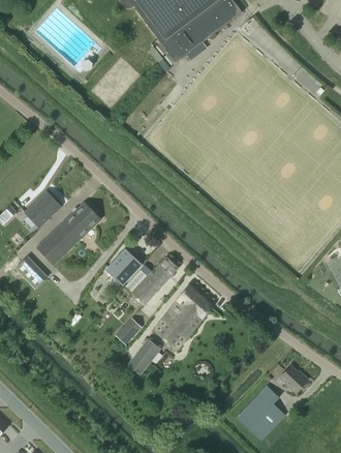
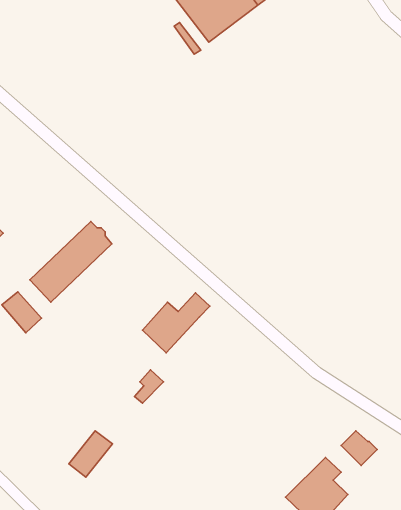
building: [25,191,61,226] -> none
building: [104,248,143,284] -> none
building: [154,284,213,350] -> none
building: [127,338,161,374] -> [69,431,112,477]

